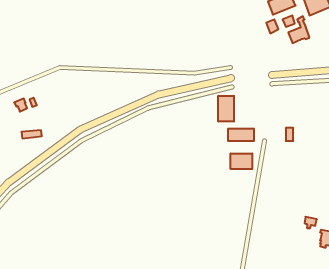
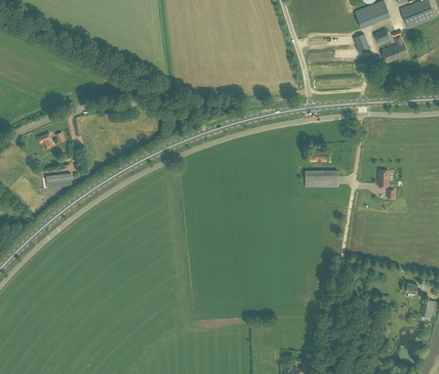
building: [218,96,234,122] -> none
building: [231,153,252,169] -> none

